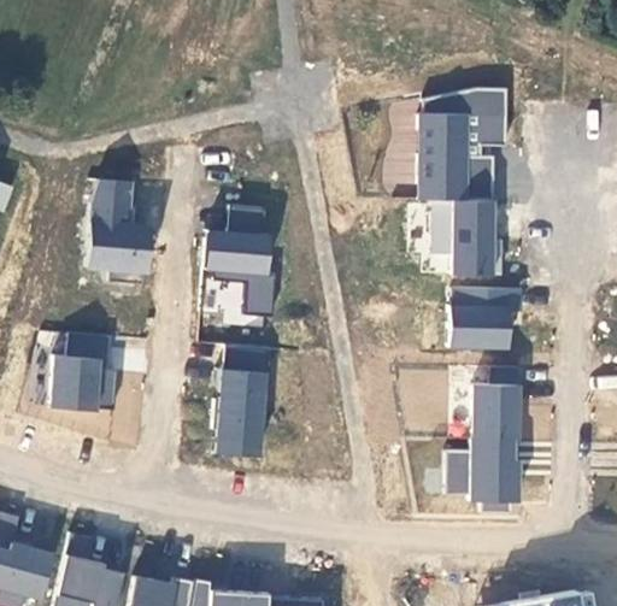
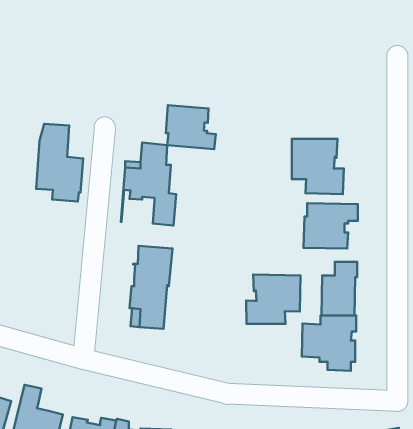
building: [418,88,507,200] -> none
building: none -> [166,105,216,149]
building: [51,333,118,411] -> none
building: none -> [246,274,301,324]

